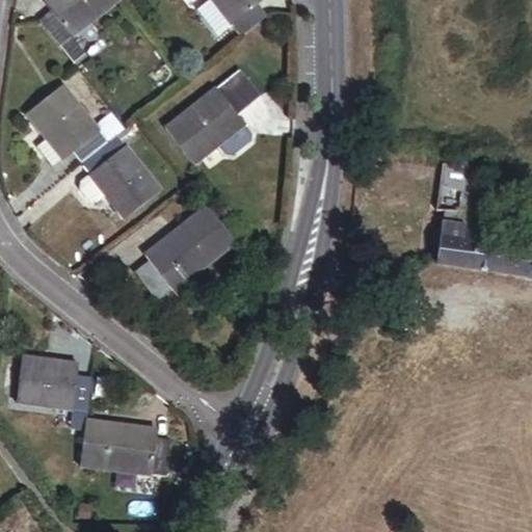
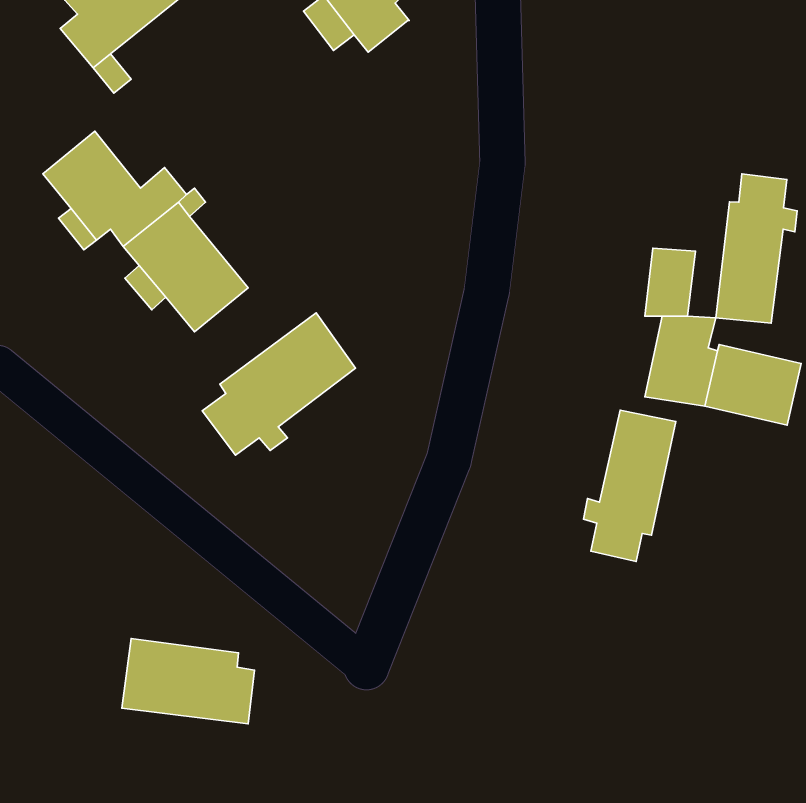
building: [166,70,260,161] -> none
building: none -> [716,174,797,323]
building: none -> [583,410,676,561]
building: [16,355,91,409] -> none

